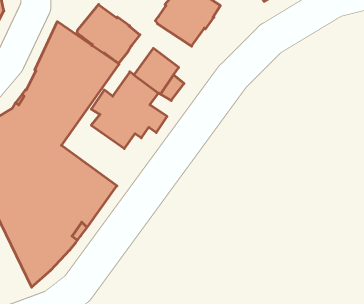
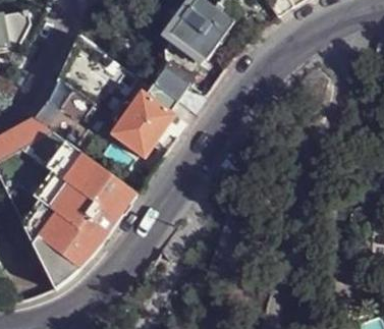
building: [77,4,140,64] -> none

